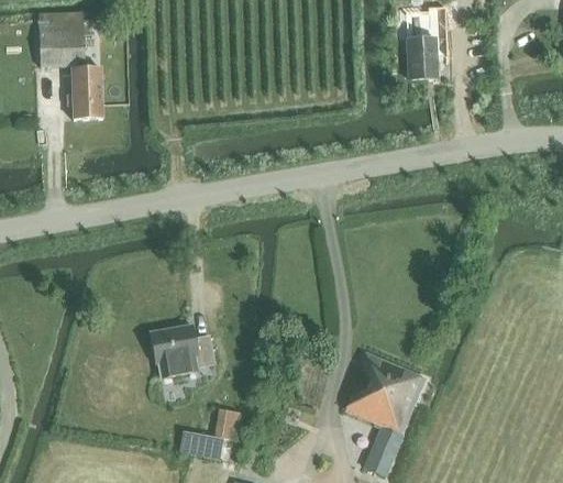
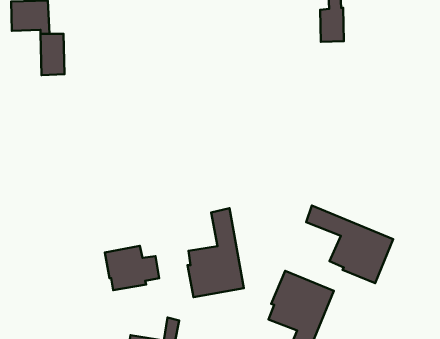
building: none -> [306,206,393,283]
building: none -> [188,208,244,297]

